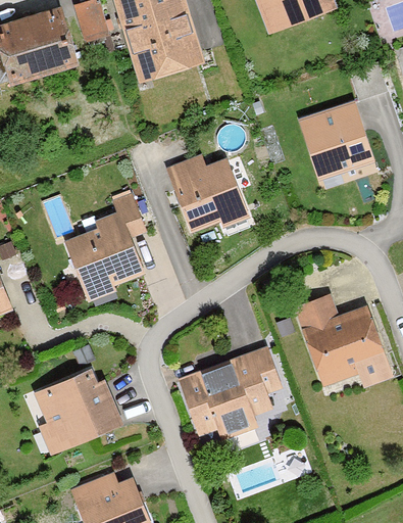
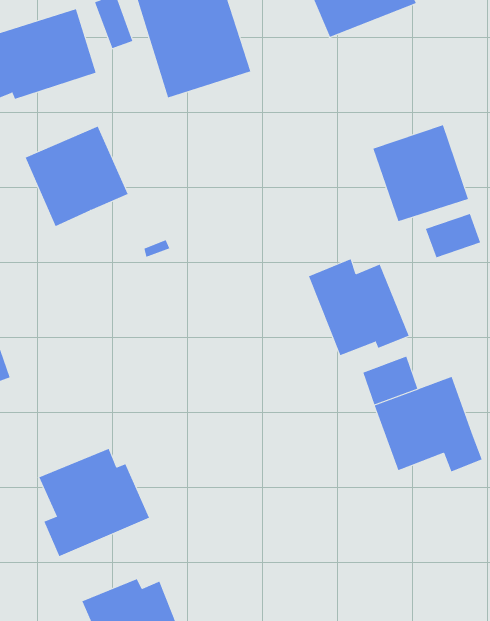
building: [165,152,247,231] -> [308,259,409,356]
building: none -> [425,213,481,258]
building: [63,219,147,300] -> [25,126,129,227]
building: [180,345,282,434] -> none

